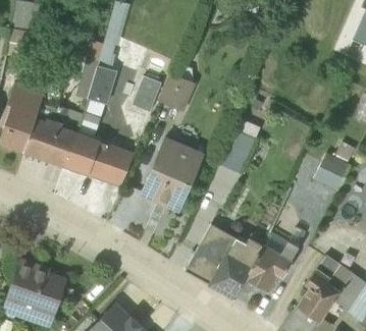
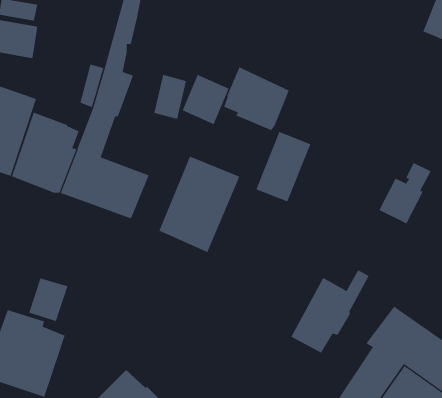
building: none -> [223,67,290,131]
building: [189,223,265,298] -> none
building: none -> [28,277,68,322]

